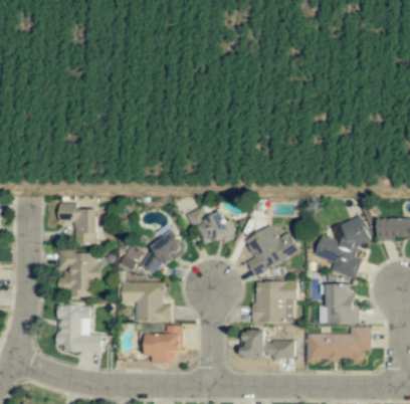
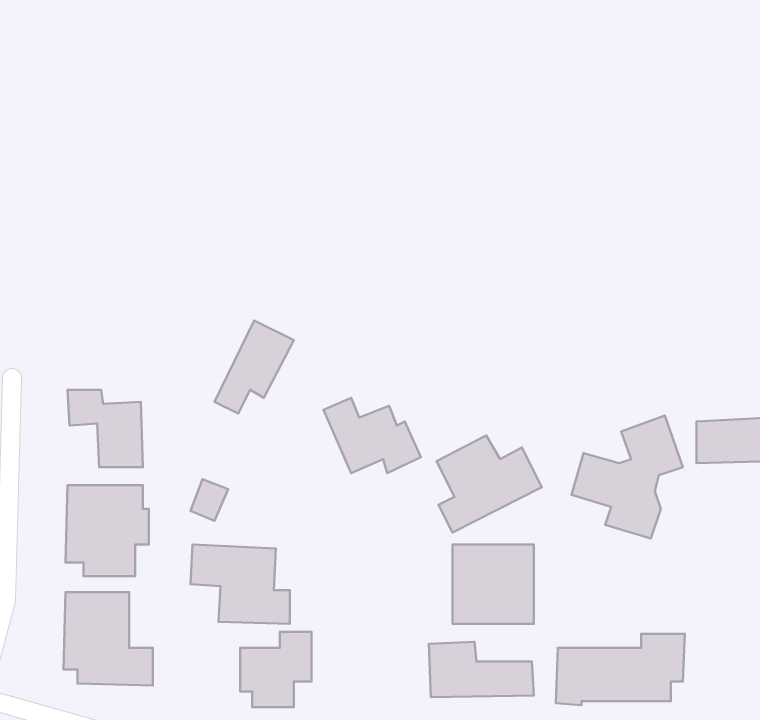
building: [144,227,184,274] -> [214,320,294,414]
building: [326,283,357,324] -> none

